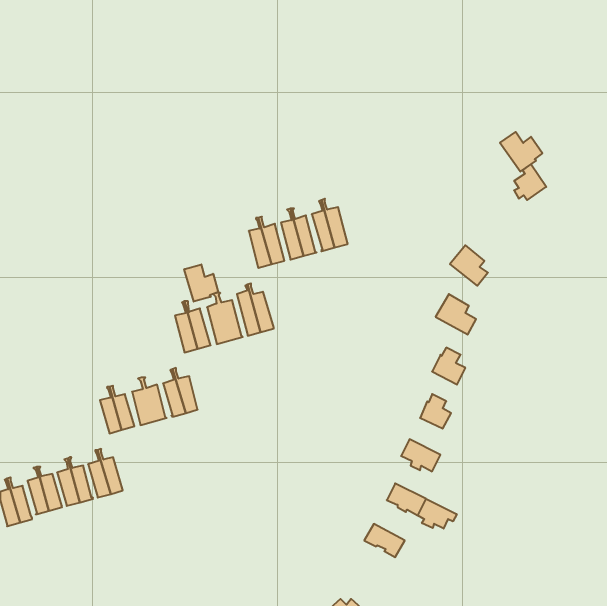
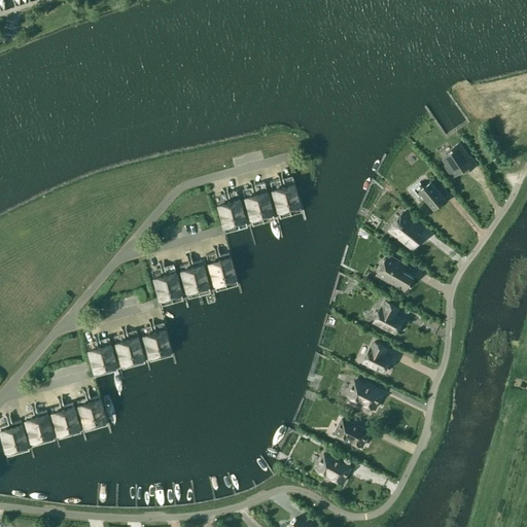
building: [500,132,542,172] -> none
building: none -> [413,183,446,209]
building: [184,264,218,302] -> none
building: [418,499,457,529] -> none

